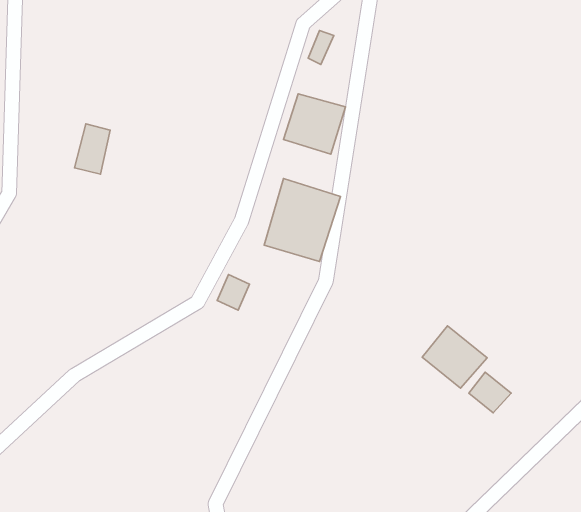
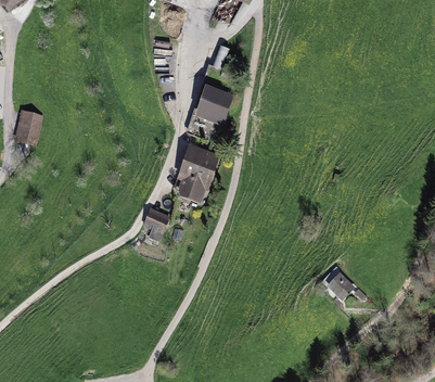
building: [74,124,110,174] -> [16,111,40,144]
building: [422,326,487,388] -> none

